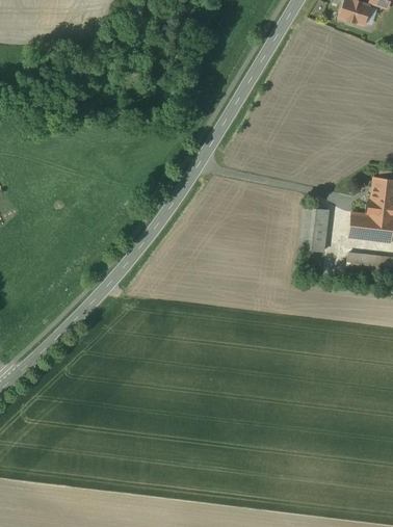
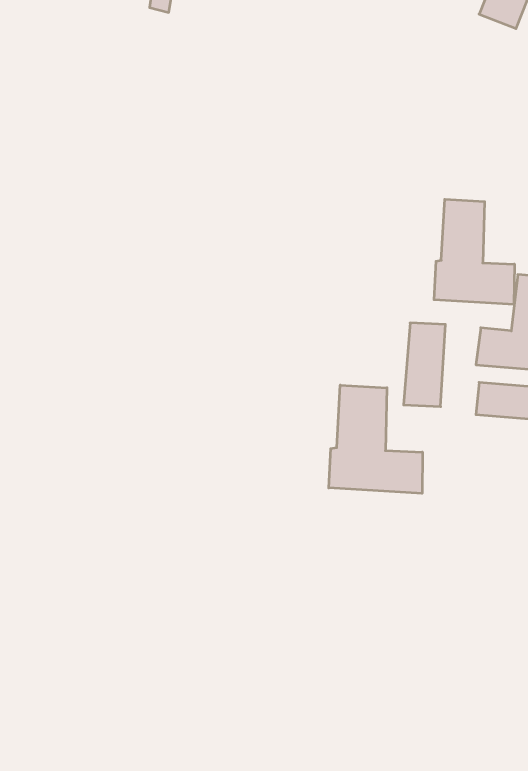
building: none -> [434,199,514,304]
building: none -> [329,385,422,493]

